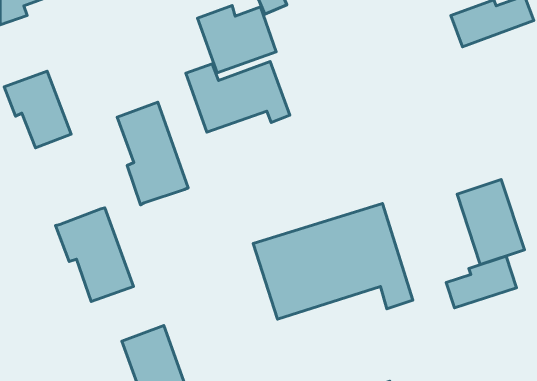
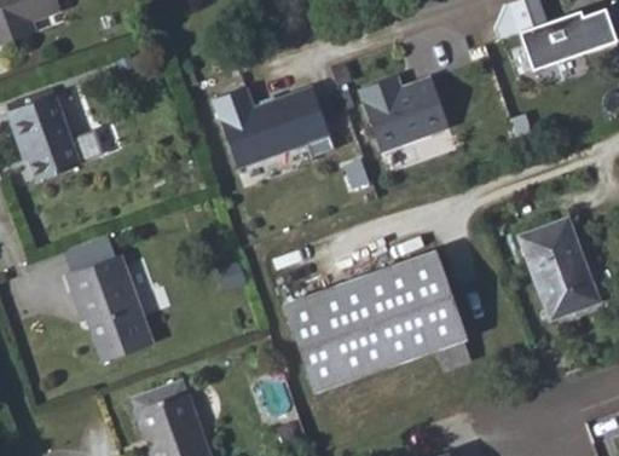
building: [197,6,276,73] -> [357,73,447,150]
building: [117,102,188,205] -> none
building: none -> [59,233,116,275]
building: [446,256,516,308] -> none

